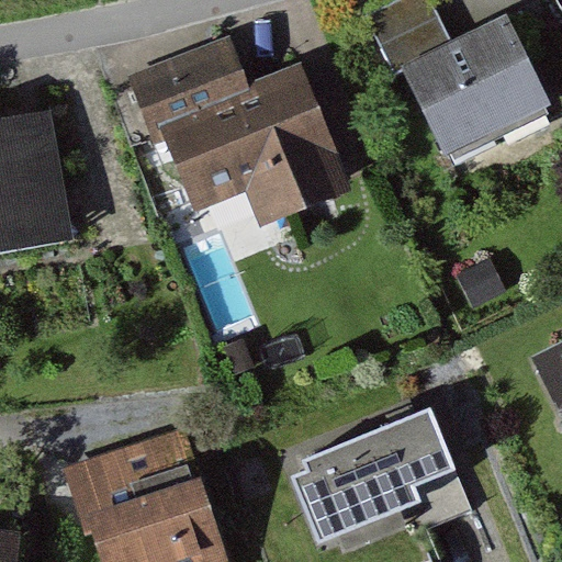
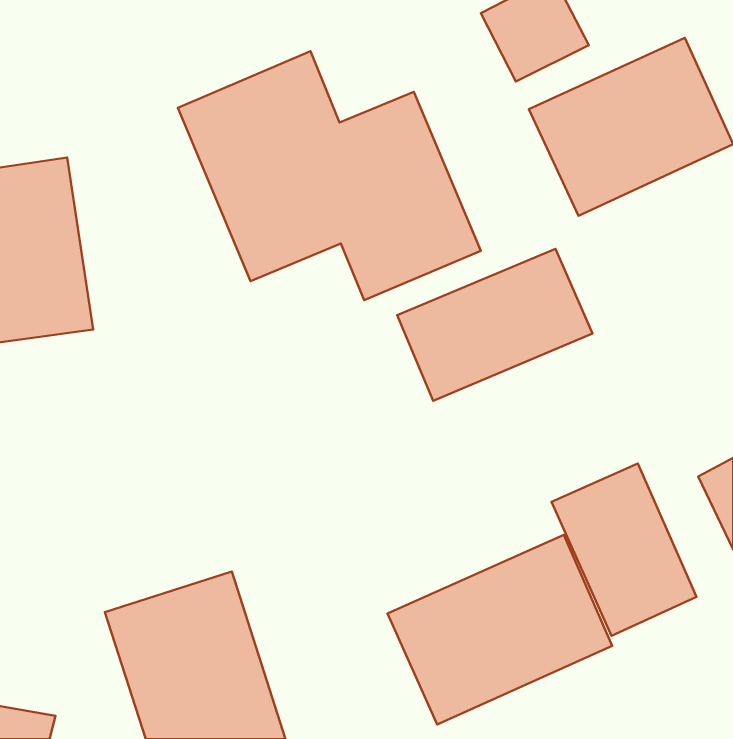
building: none -> [397,249,592,401]
building: none -> [552,464,697,636]

